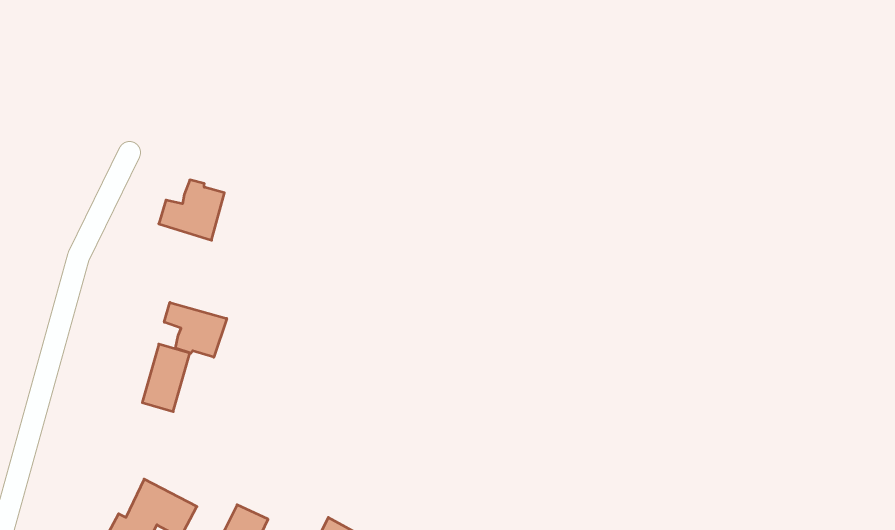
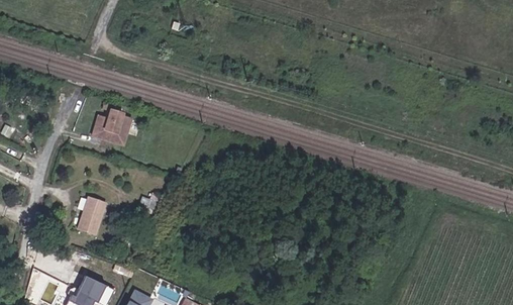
building: [164,302,227,357] -> none

